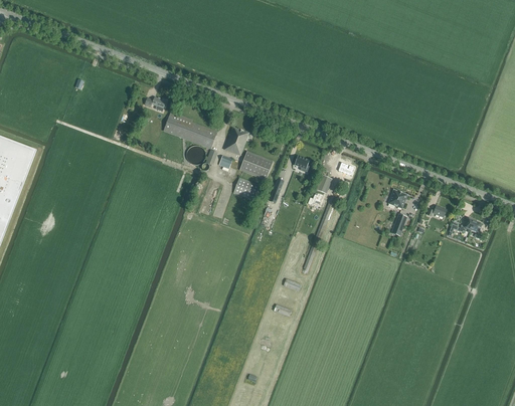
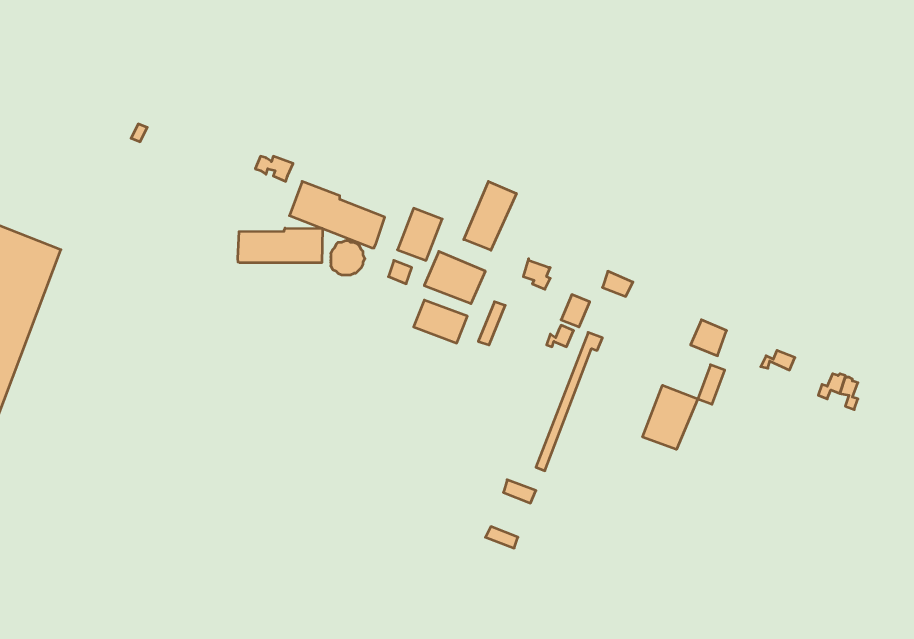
building: none -> [464,181,516,250]
building: none -> [238,228,322,263]
building: none -> [643,385,698,449]

